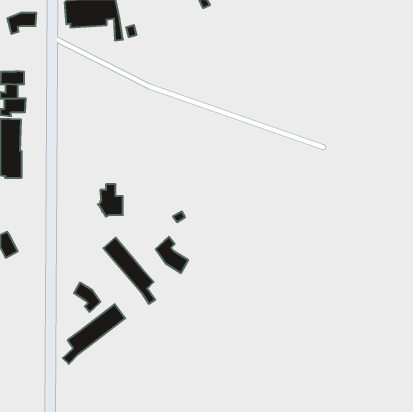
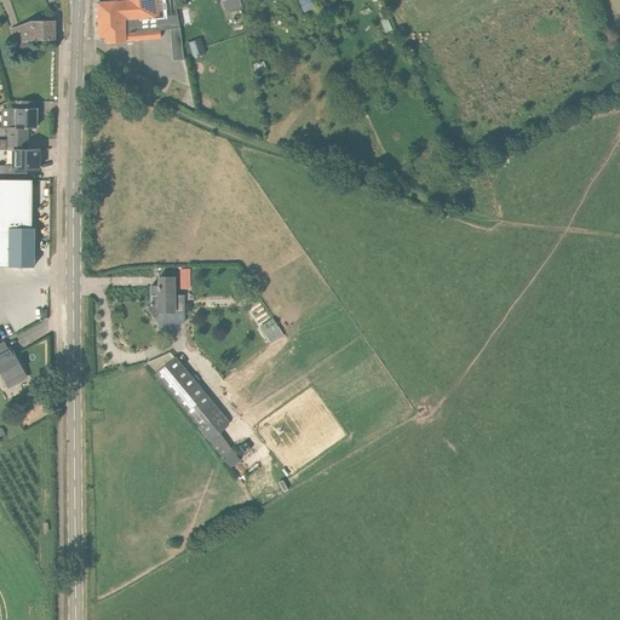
building: [156,237,188,273] -> none
building: [74,283,100,312] -> none
building: [63,304,125,364] -> none

